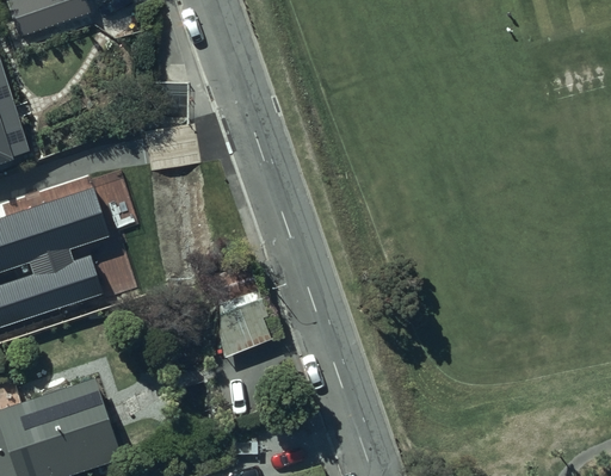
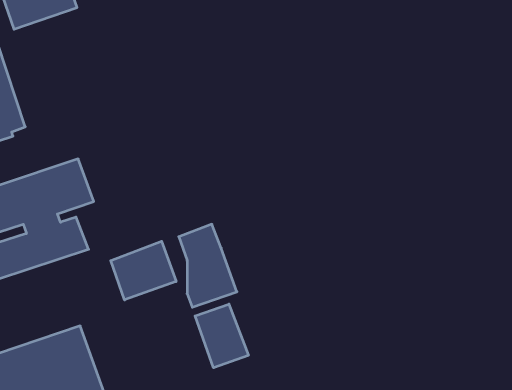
building: none -> [111,241,176,300]
building: none -> [195,304,248,368]

